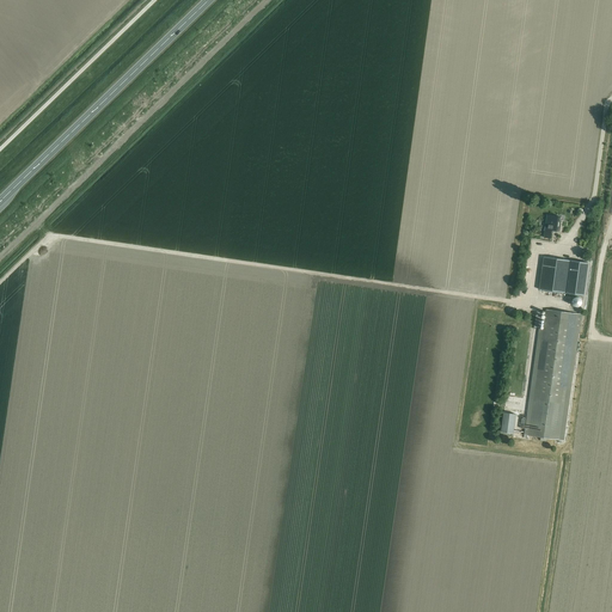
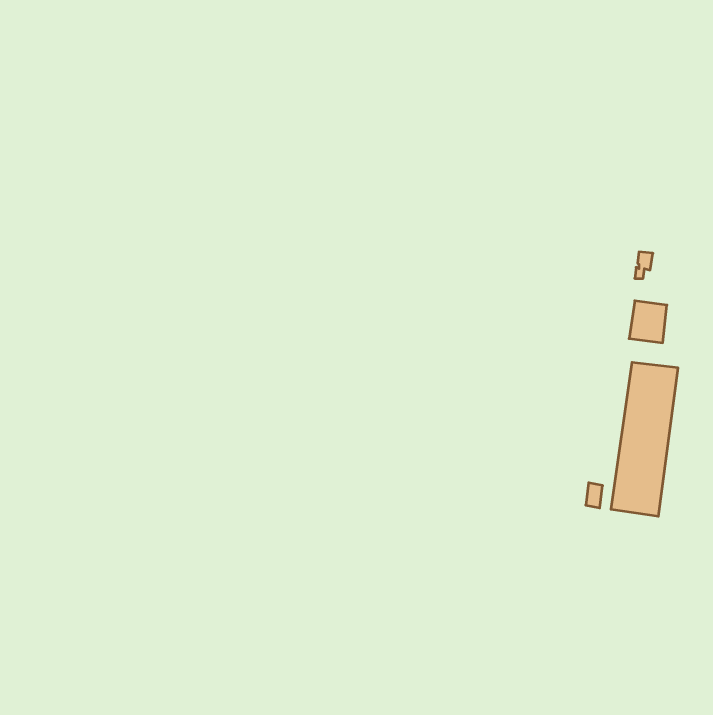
building: [567,261,587,295] -> none

